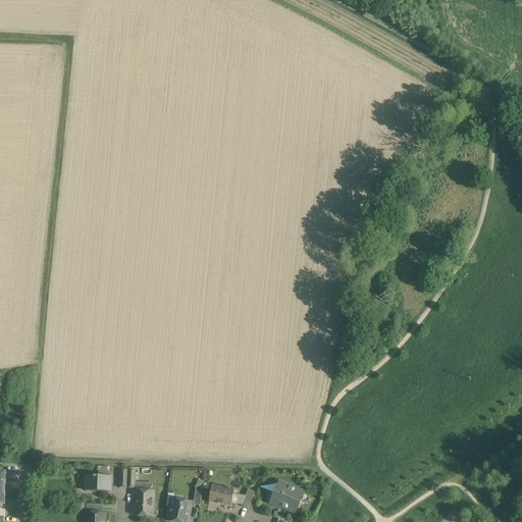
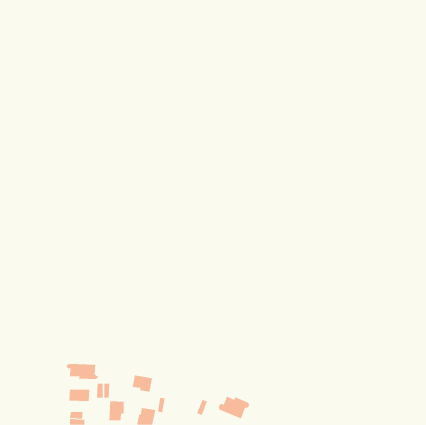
building: none -> [66,363,98,380]
building: [208,483,233,505] -> [132,375,153,392]

